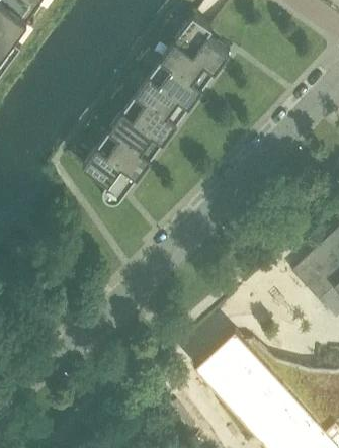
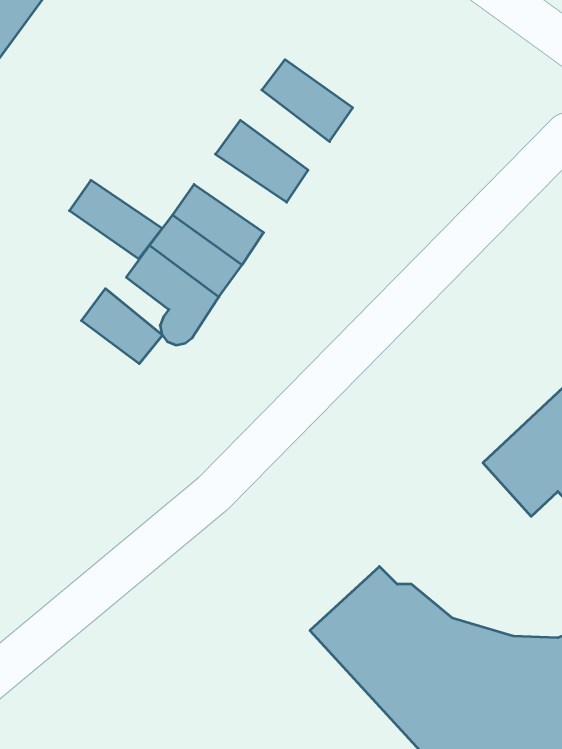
building: [177,20,227,69] -> none
building: [152,59,202,104] -> none
building: [125,95,178,140] -> [69,180,162,259]
building: none -> [81,289,162,364]

